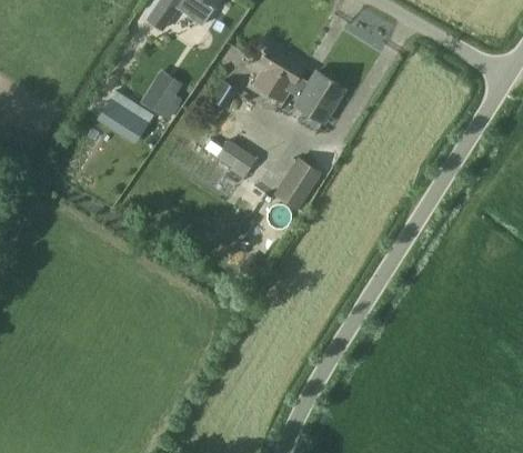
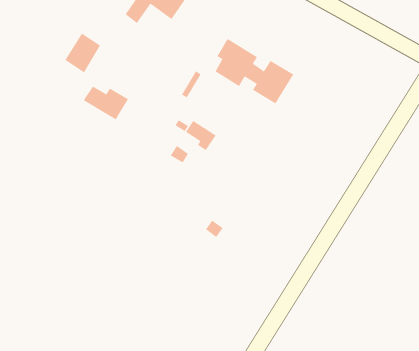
building: [140,71,182,118] -> [64,33,101,73]
building: [276,160,321,209] -> none

